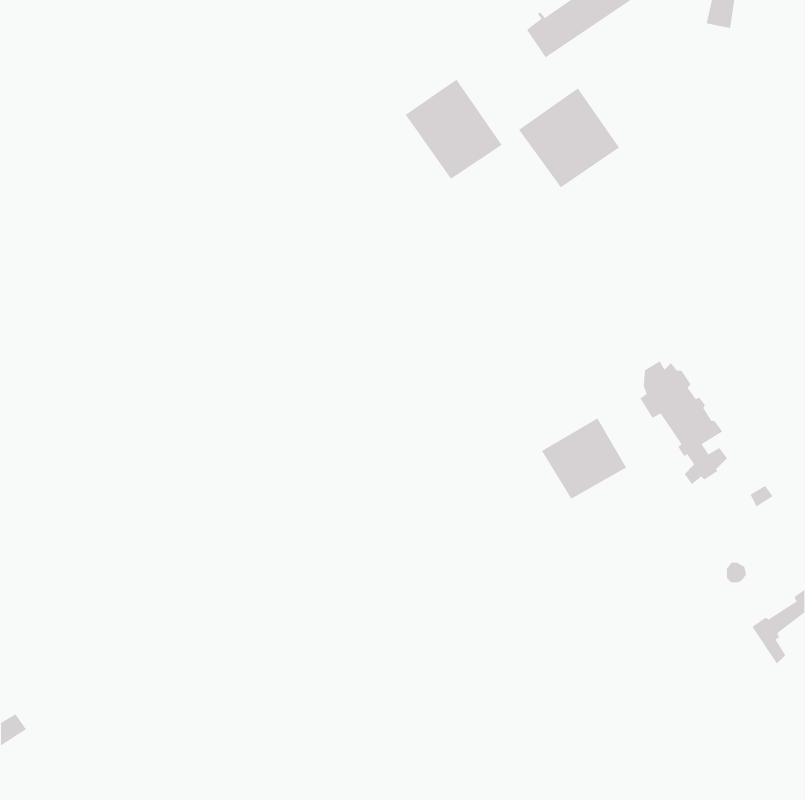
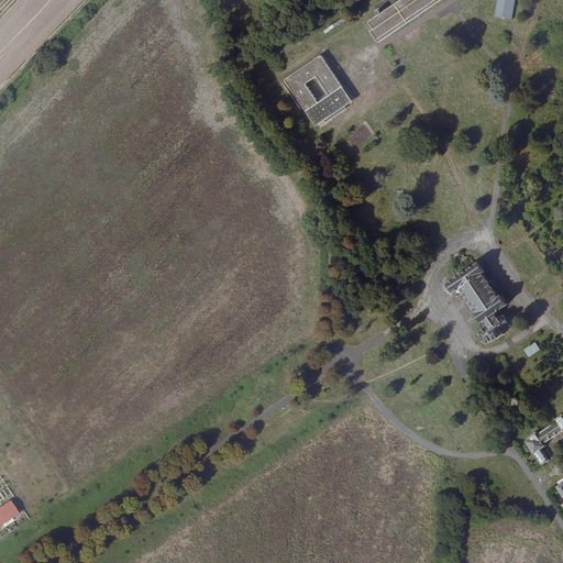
building: [518,88,620,188] -> none
building: [541,417,627,500] -> none

